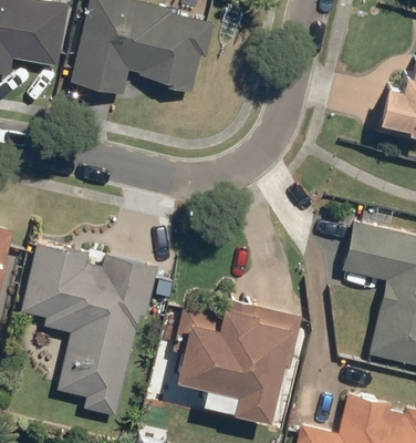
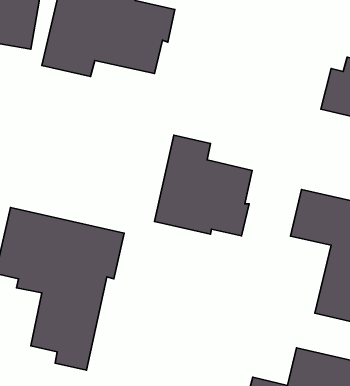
building: none -> [154,135,252,236]
building: [170,299,302,422] -> none

